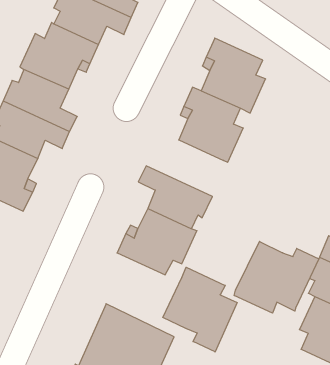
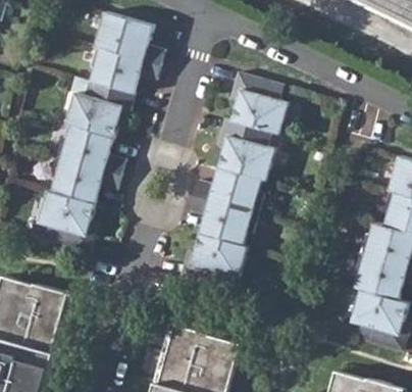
building: none -> [193,166,262,212]
building: [234,241,319,313] -> none
building: [163,267,237,352] -> none

